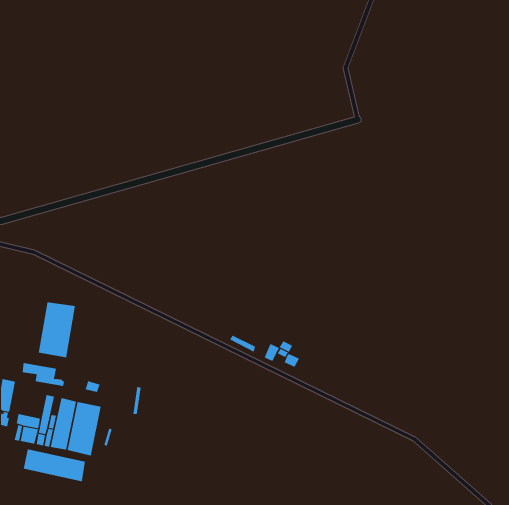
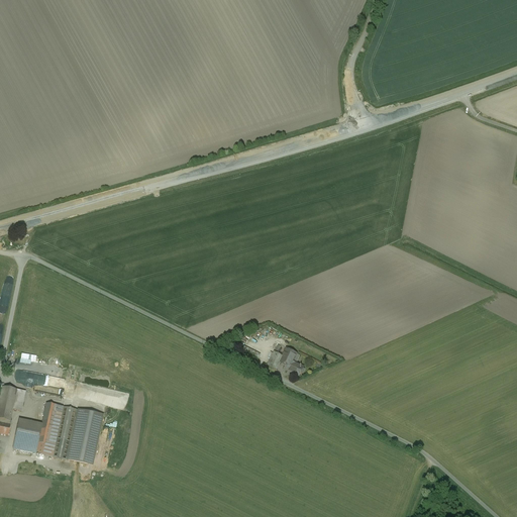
building: [38,302,76,358] -> none
building: [23,449,86,482] -> none

